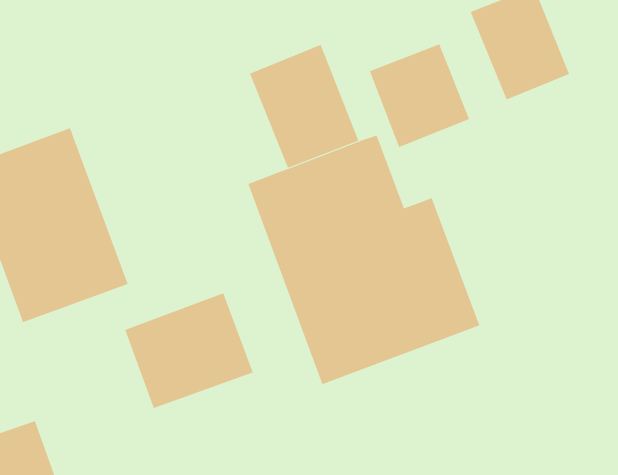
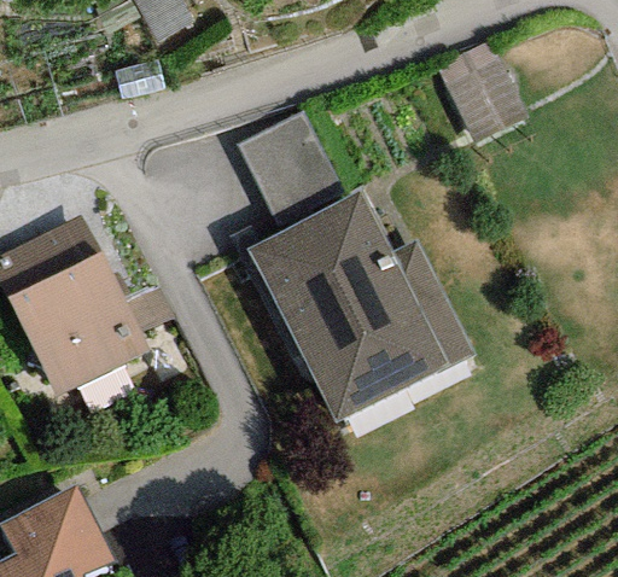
building: [369,44,470,148] -> none
building: [124,293,253,409] -> none

